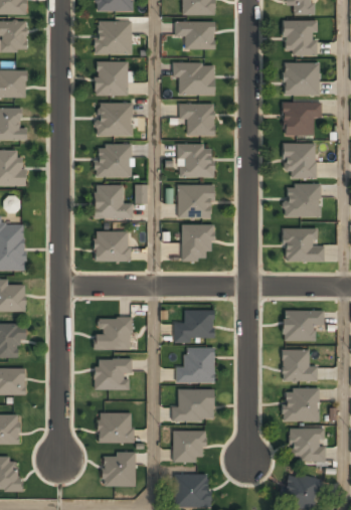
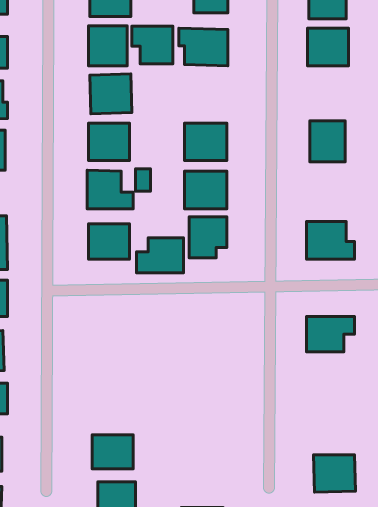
building: [283,103,321,136] -> none
building: [179,104,214,136] -> [132,26,173,64]
building: [285,184,320,217] -> none
building: [174,311,214,341] -> [137,238,183,273]
building: [95,318,131,349] -> none
building: [175,348,213,383] -> none
building: [282,350,317,381] -> none
building: [95,359,130,389] -> none
building: [282,389,318,421] -> none
building: [172,390,213,421] -> none
building: [172,432,204,462] -> none

